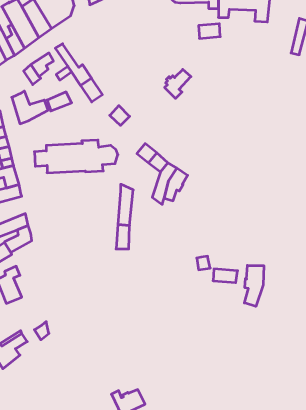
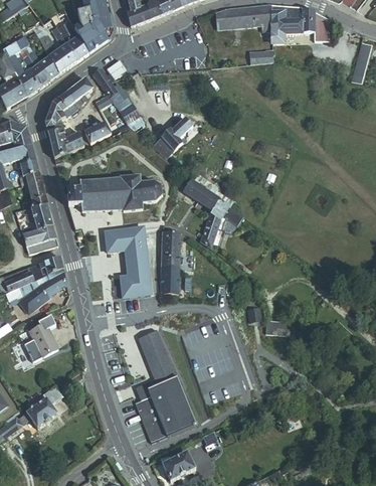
building: [165,69,191,98] -> [163,118,192,150]
building: none -> [43,100,67,129]
building: none -> [106,229,149,299]
building: [244,265,264,306] -> none
building: none -> [136,329,197,442]

